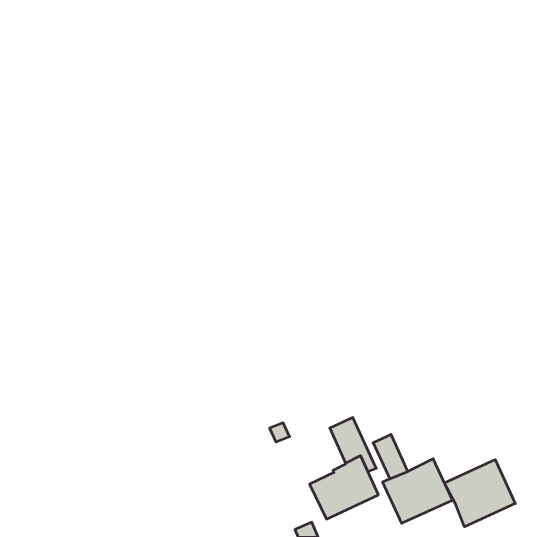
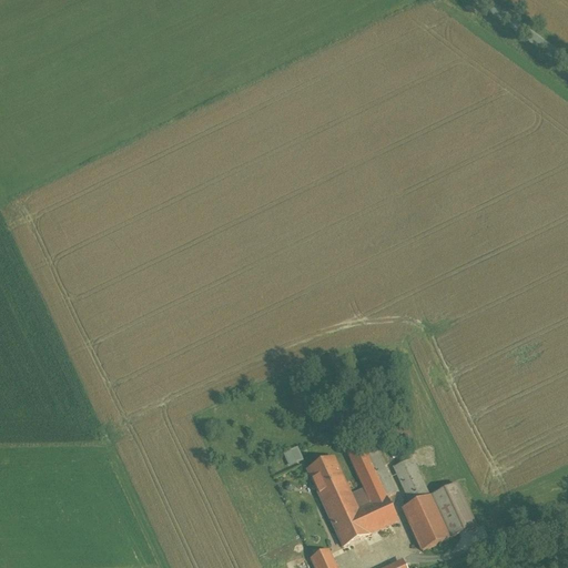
building: none -> [306,456,351,508]
building: [444,460,515,527] -> none

